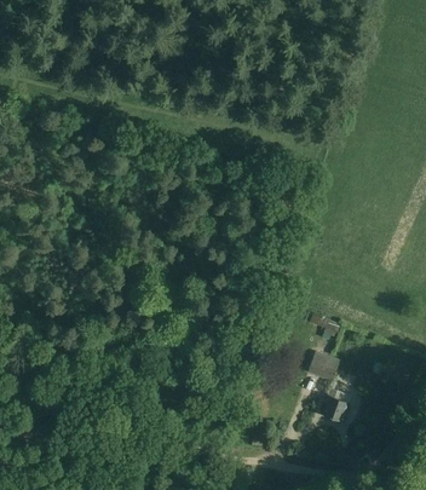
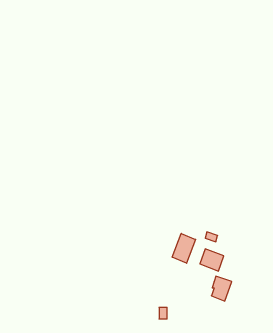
building: none -> [172,233,196,263]

